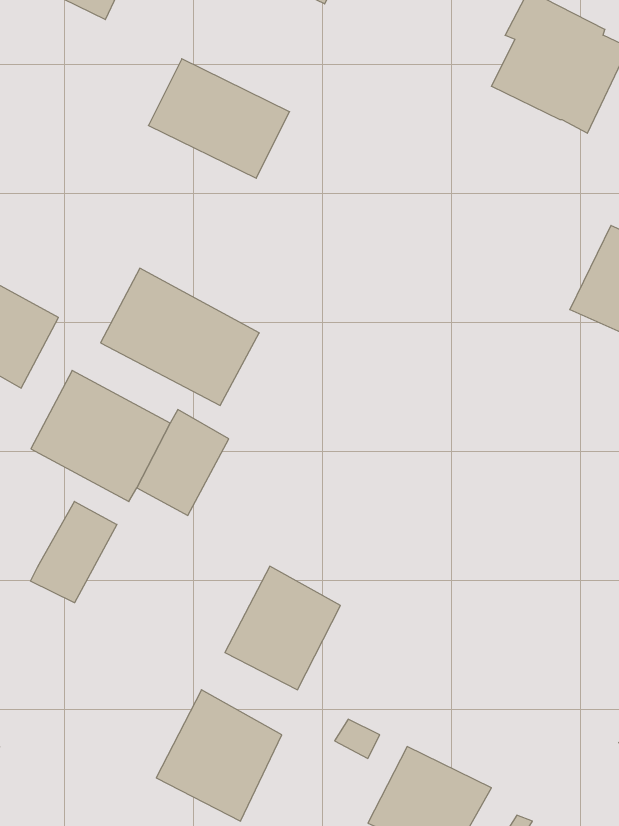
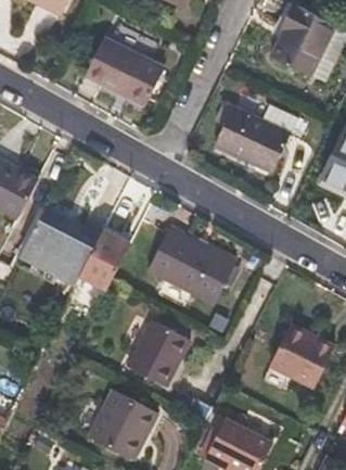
building: none -> [215,99,298,168]
building: [101,268,259,405] -> [150,229,238,305]
building: [31,501,117,603] -> none
building: none -> [271,323,336,389]

